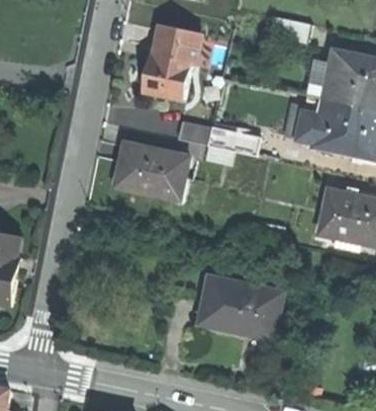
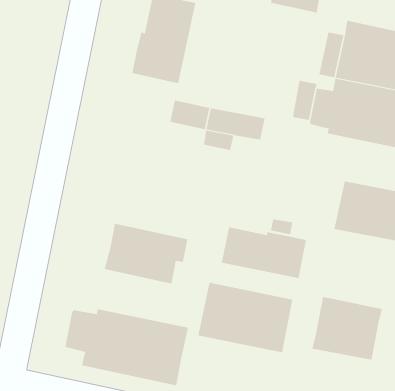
building: [114,147,188,200] -> [104,223,188,284]
building: none -> [221,227,307,279]
building: none -> [312,296,382,361]
building: none -> [65,308,188,386]

